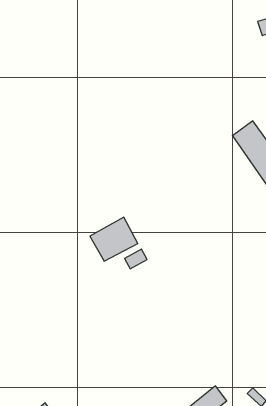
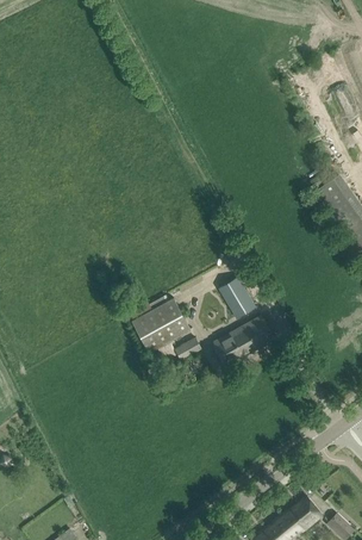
building: none -> [218,277,255,318]
building: none -> [211,315,273,364]
building: none -> [288,496,322,529]

